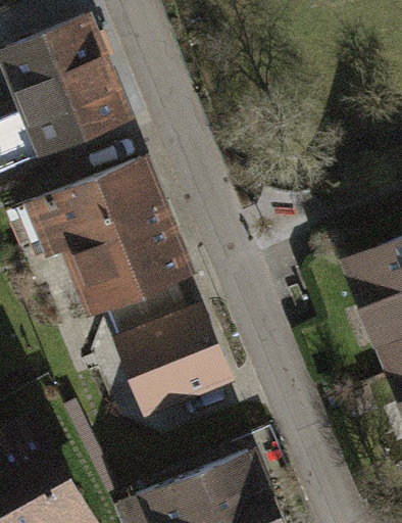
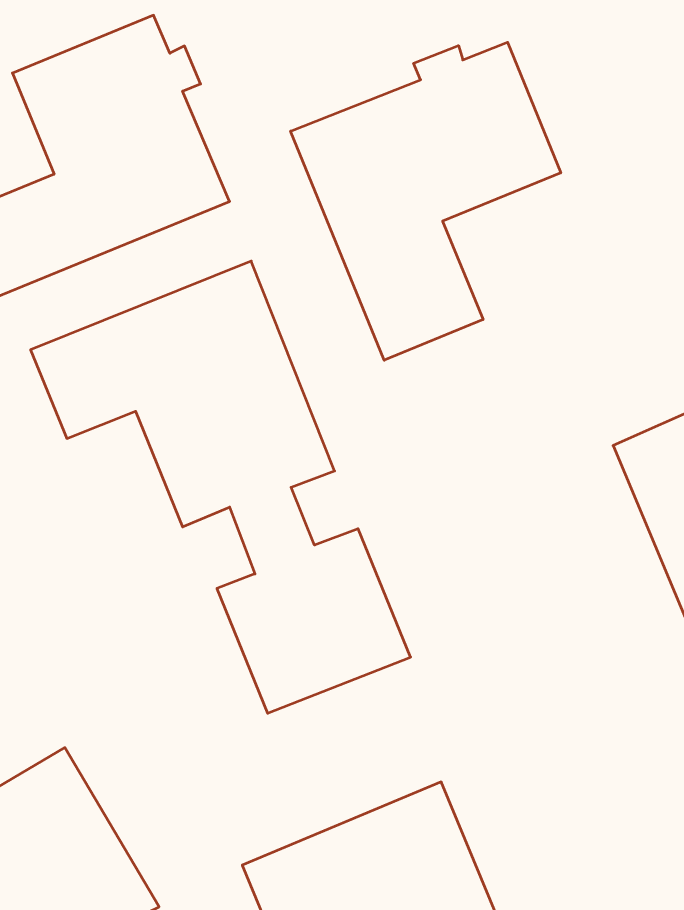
building: none -> [291,42,561,360]

